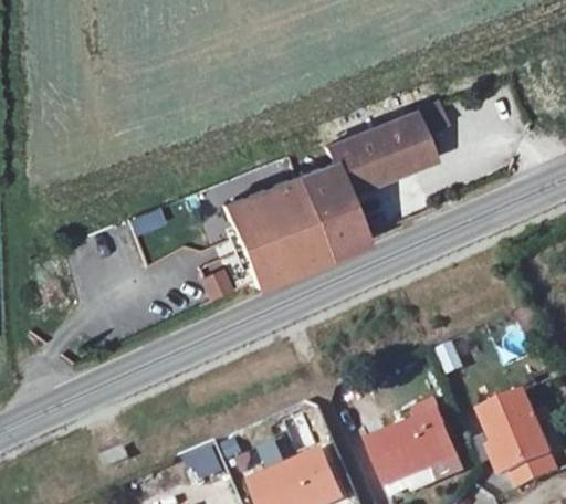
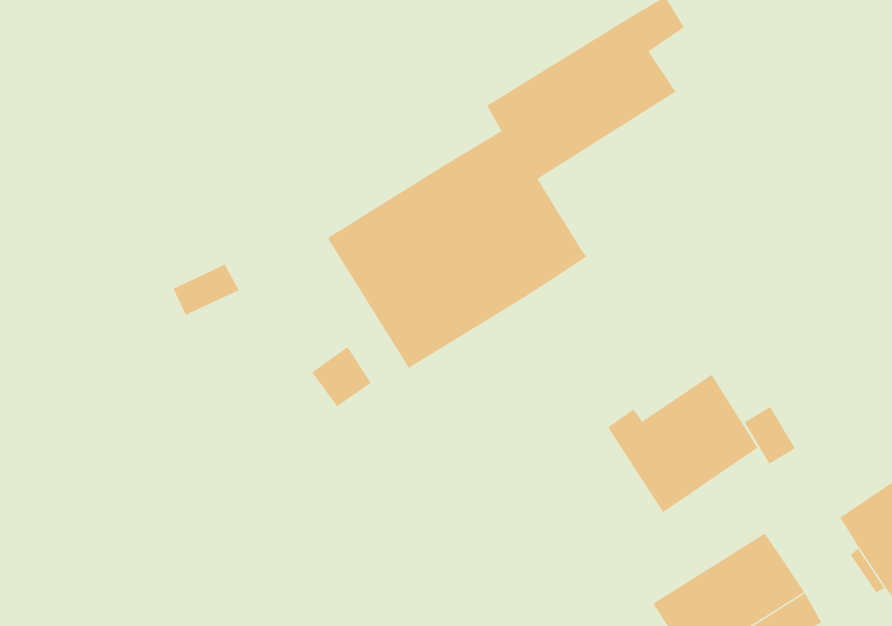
building: none -> [607,374,759,513]

